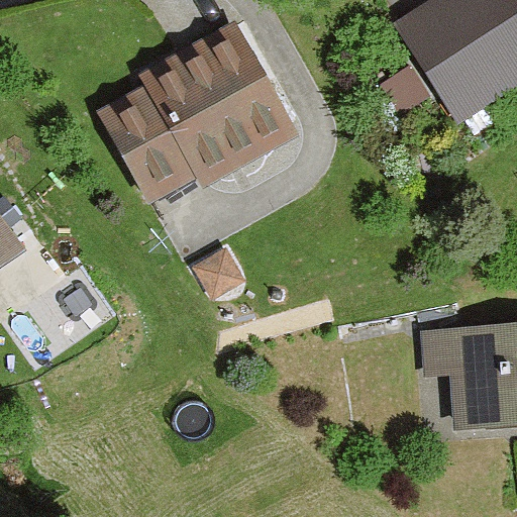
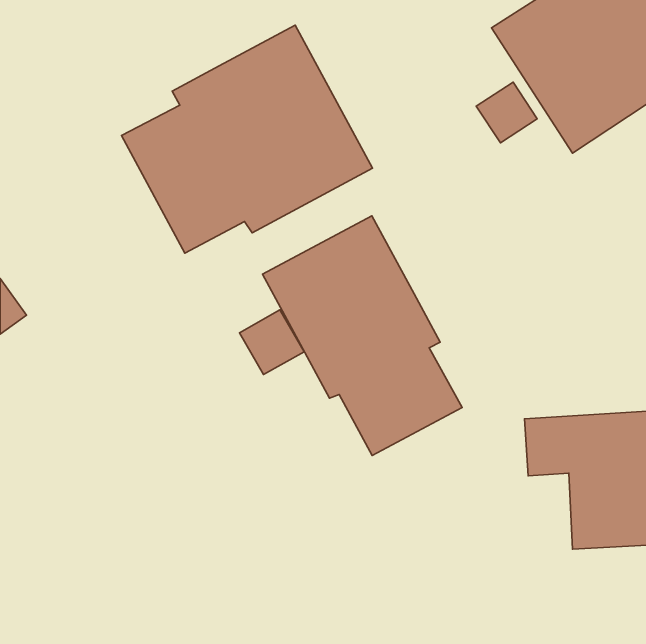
building: none -> [262,216,462,456]

